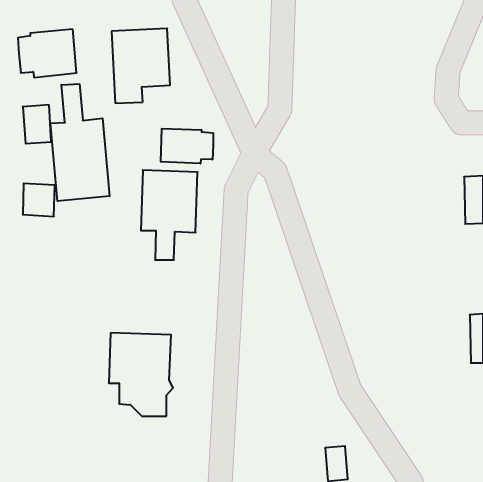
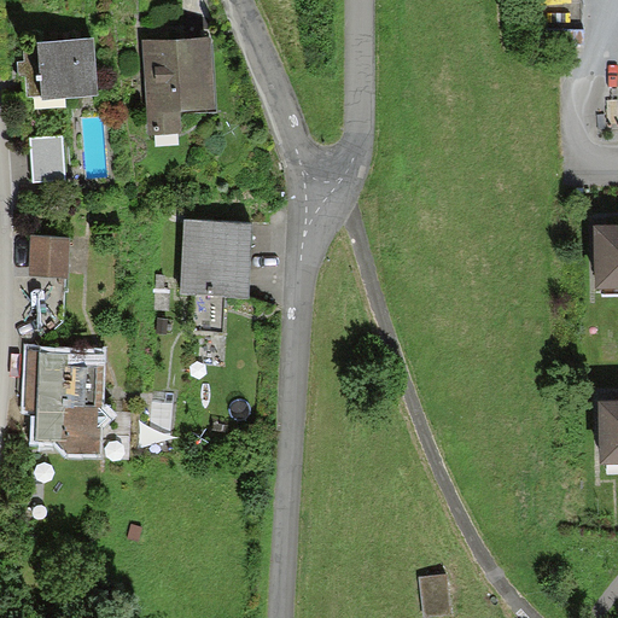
building: [50,84,109,201] -> none
building: [161,129,213,164] -> none
building: [109,333,173,416] -> [25,346,107,453]

